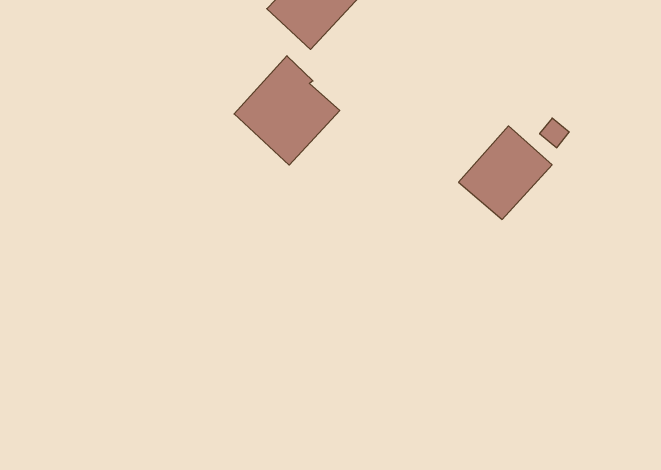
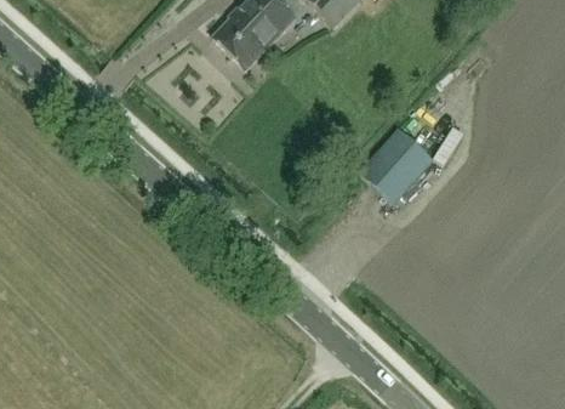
building: [234,56,340,165] -> none

